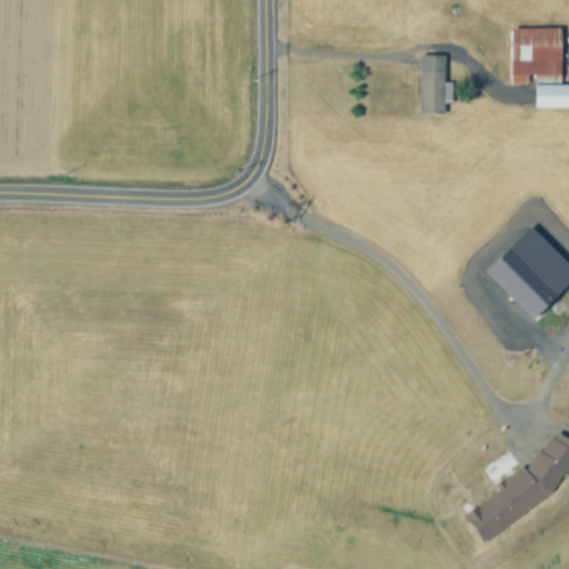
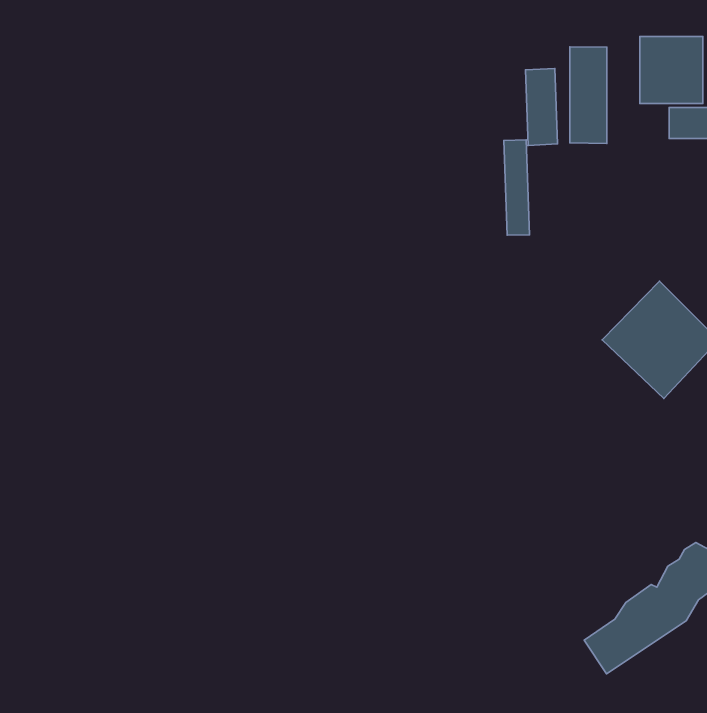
building: none -> [570,47,607,143]
building: none -> [504,140,530,235]

